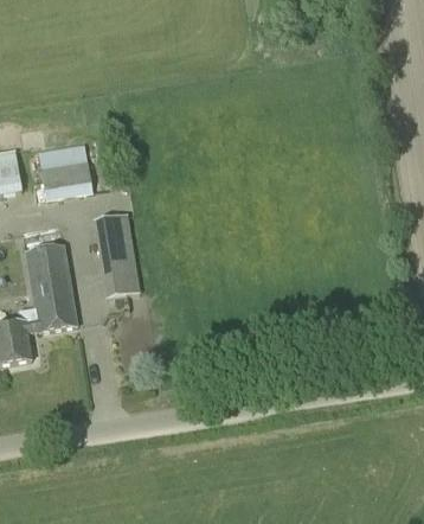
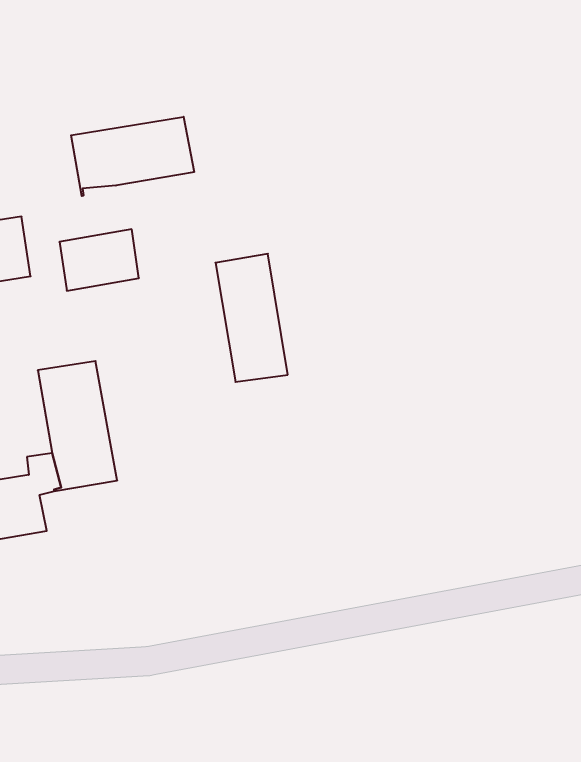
building: none -> [71,117,194,196]
building: [92,211,140,295] -> [215,254,288,382]

